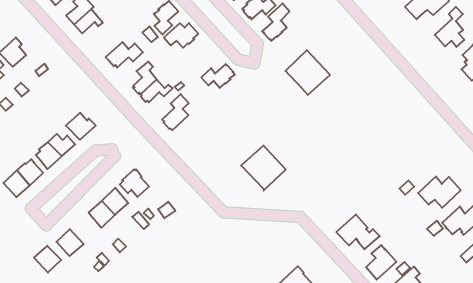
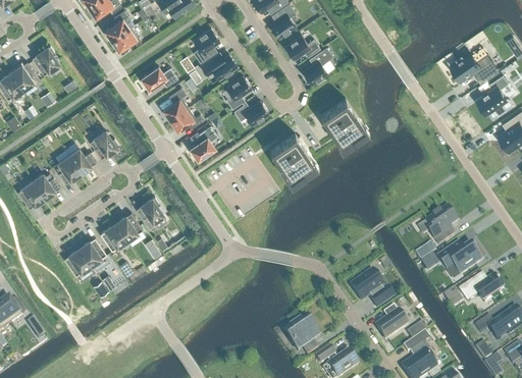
building: none -> [225,73,251,107]
building: none -> [427,207,458,246]
building: [241,146,286,191] -> [269,131,314,177]
building: [34,246,61,273] -> [79,235,106,263]

